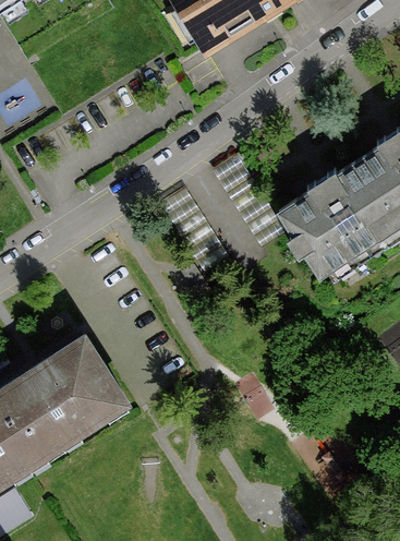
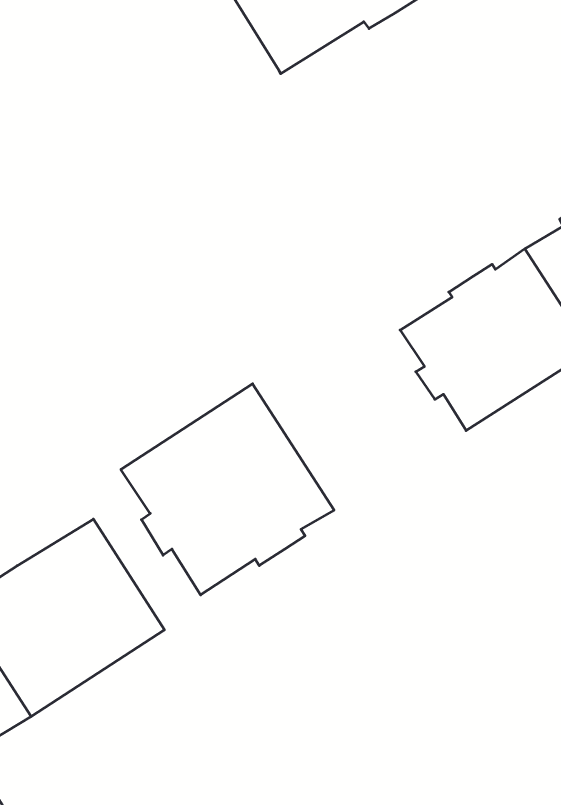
building: none -> [121,384,334,595]

